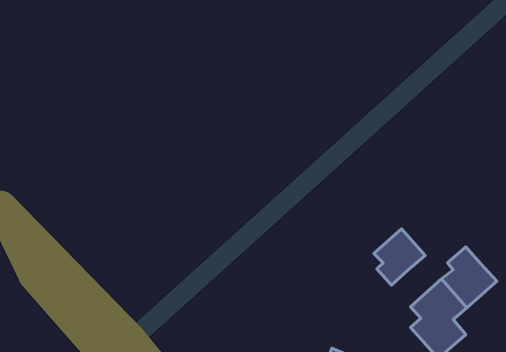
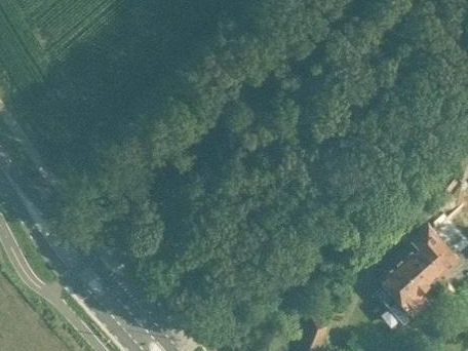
building: [374,229,425,285] -> none

